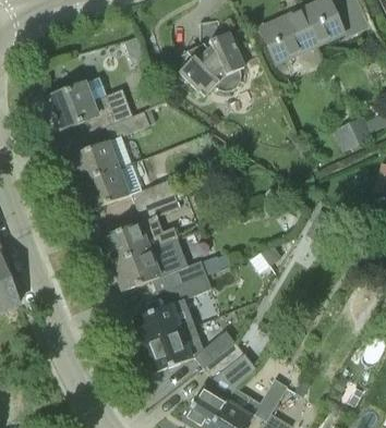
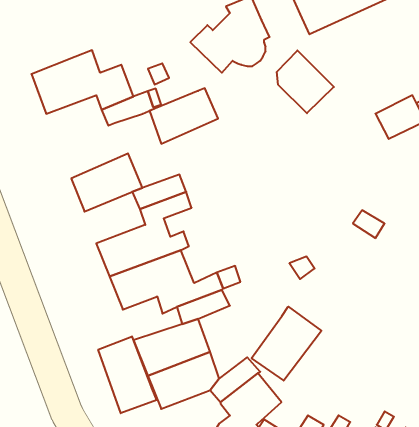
building: none -> [277,50,334,113]
building: [71,137,128,183] -> [149,88,218,144]
building: none -> [252,307,321,381]
building: none -> [98,336,156,413]

